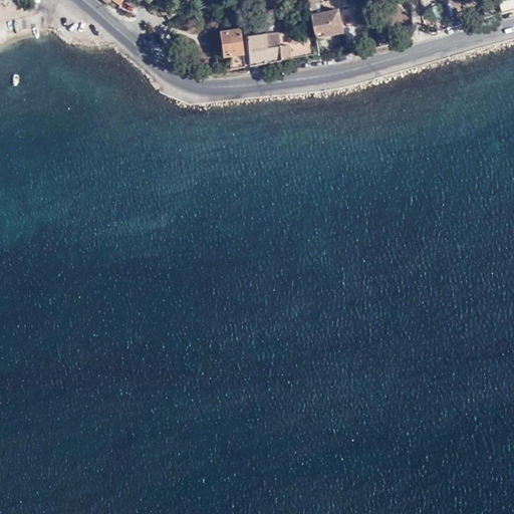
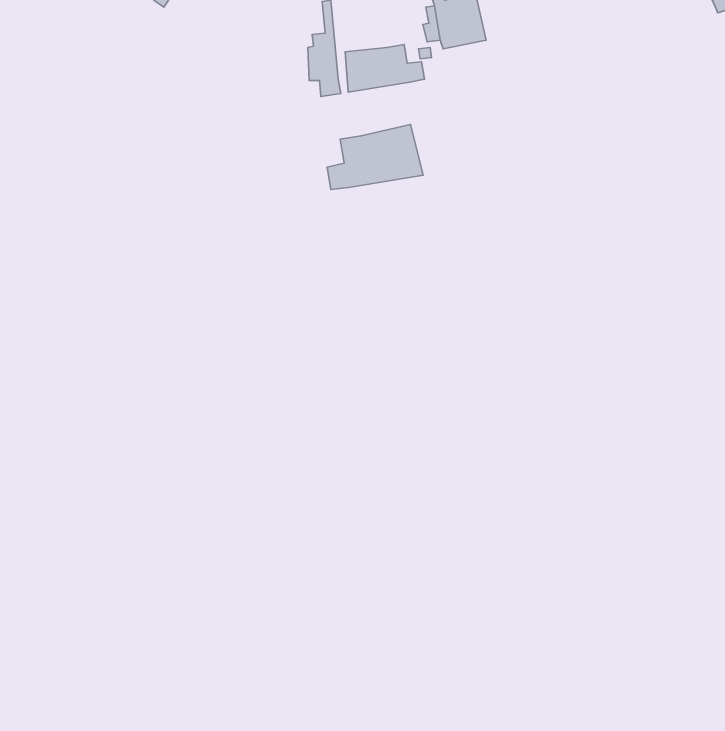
building: none -> [327,125,423,190]

